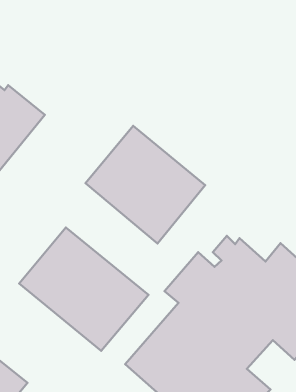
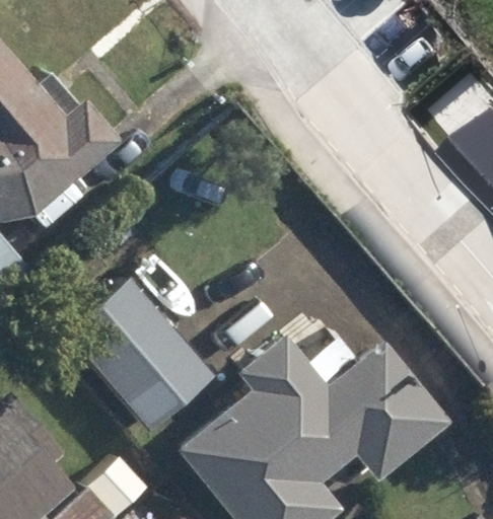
building: [86,126,205,243] -> none

